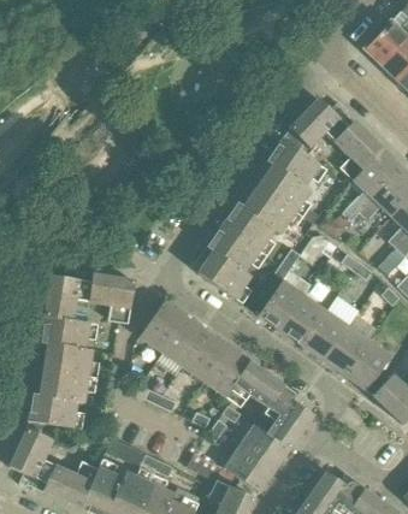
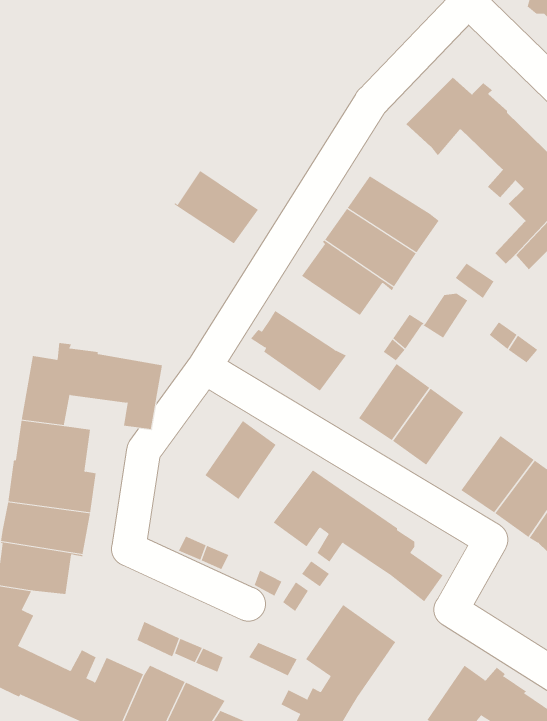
building: [266,128,320,184] -> none
building: [206,224,260,271] -> [173,170,259,244]
building: [140,301,185,350] -> none
building: [302,311,349,360] -> none
building: [183,331,230,380] -> none
building: [249,414,301,456] -> none

